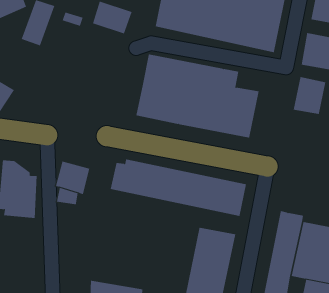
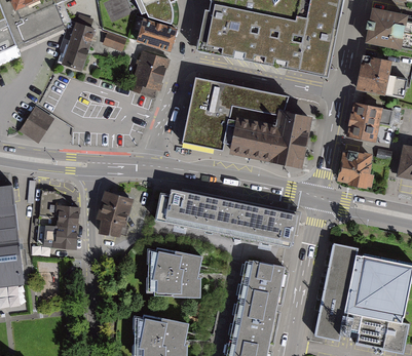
building: none -> [132,51,170,96]
building: none -> [338,149,373,186]
building: none -> [146,247,204,295]

